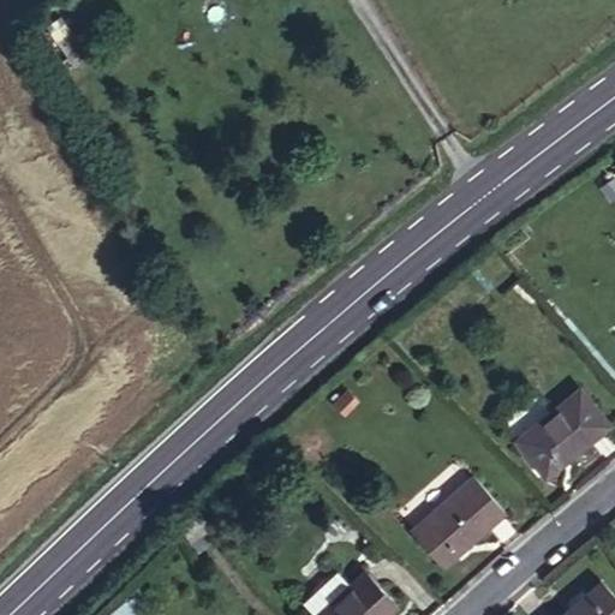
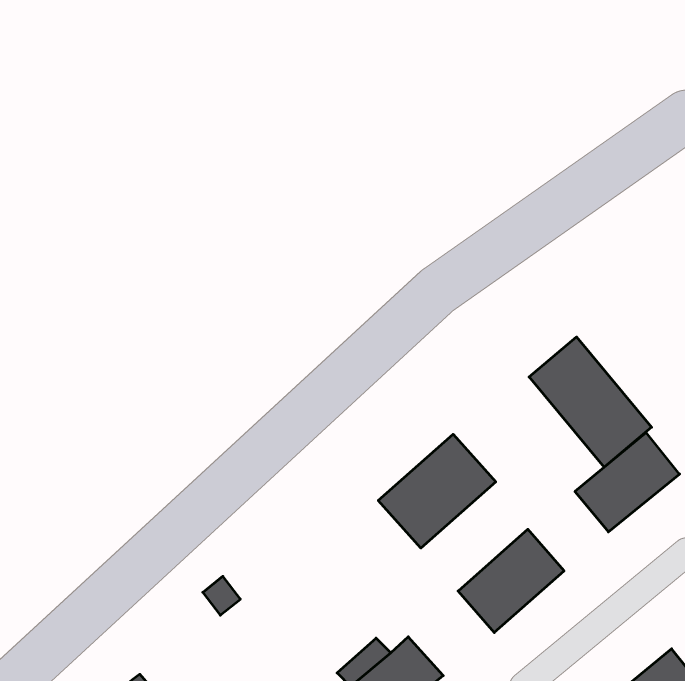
building: none -> [529,337,652,467]
building: none -> [378,434,496,548]

